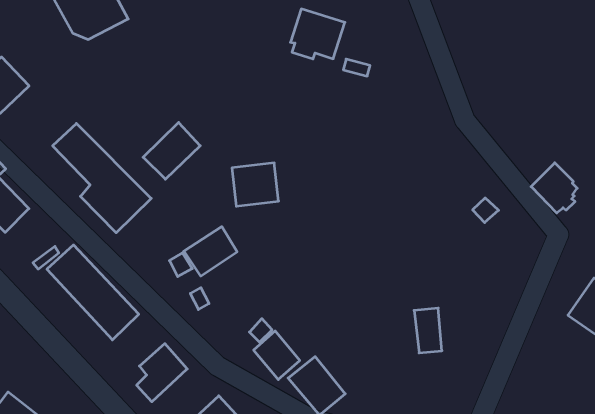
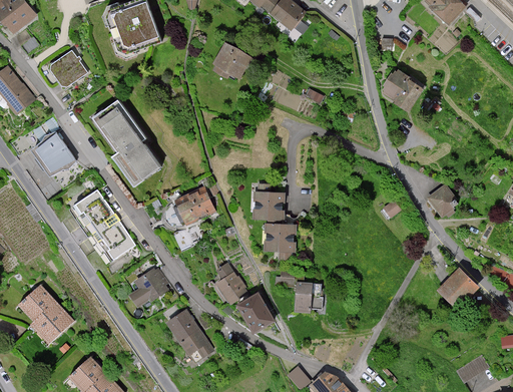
building: [290,9,345,59] -> [212,42,252,80]
building: none -> [381,69,424,109]
building: [143,122,200,179] -> none
building: [232,163,279,206] -> [253,191,285,220]
building: none -> [266,224,296,253]
building: [414,308,442,353] -> [294,282,312,313]

